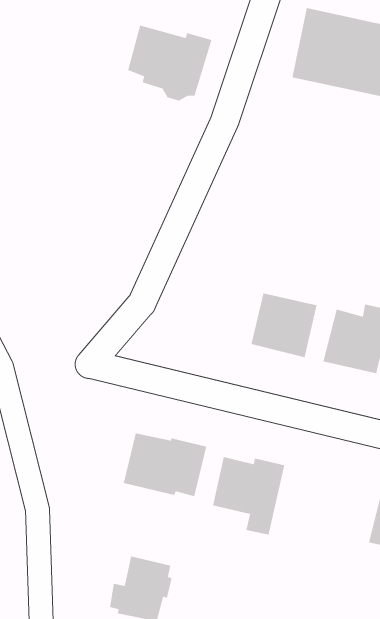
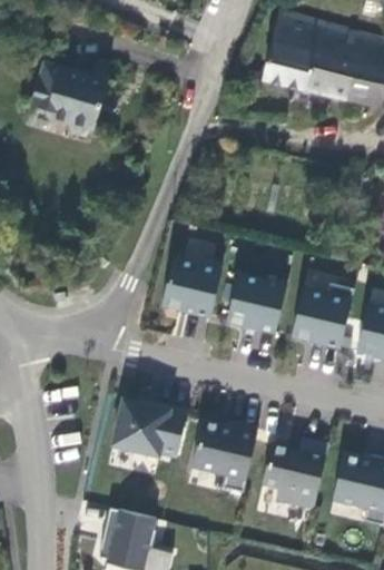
building: [127,25,213,102] -> [33,65,110,134]
building: none -> [163,258,221,317]
building: none -> [263,439,328,509]

